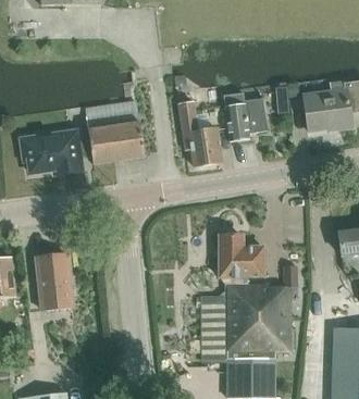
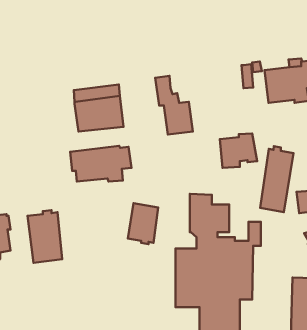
building: [225,100,268,139] -> [220,133,257,168]
building: [21,129,90,170] -> [70,146,132,181]
building: none -> [260,146,293,212]
building: none -> [128,203,158,244]

